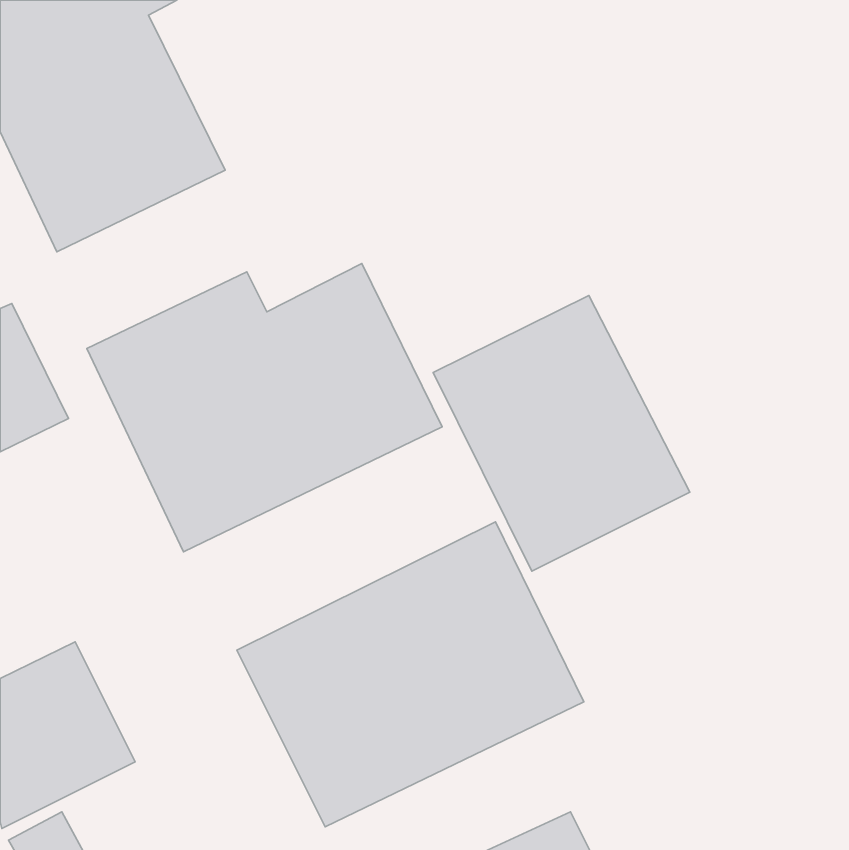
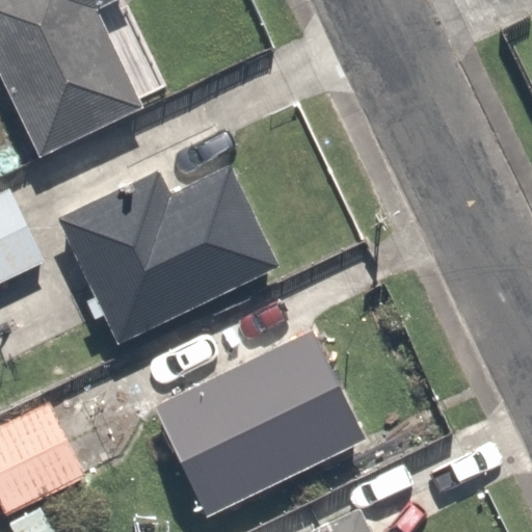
building: [433,295,690,571] -> none

